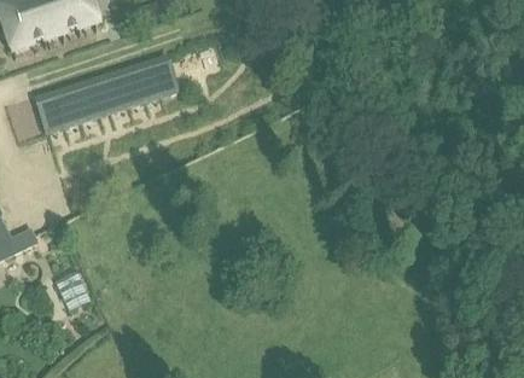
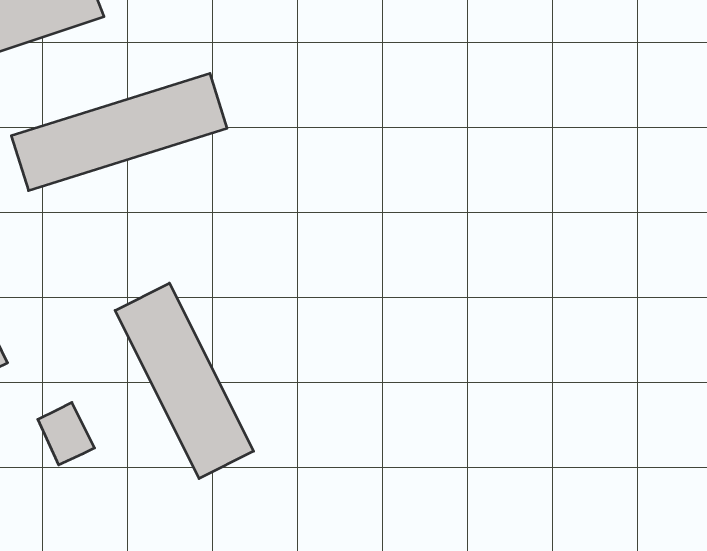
building: none -> [115,283,254,479]

